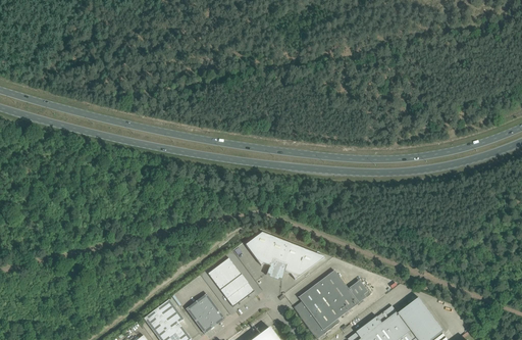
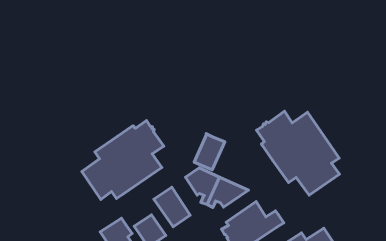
building: none -> [256,111,340,195]
building: none -> [82,121,164,200]
building: none -> [194,133,225,170]

